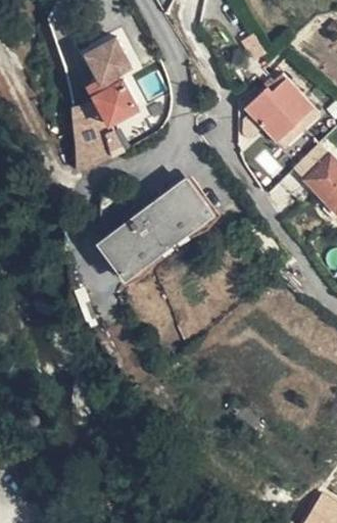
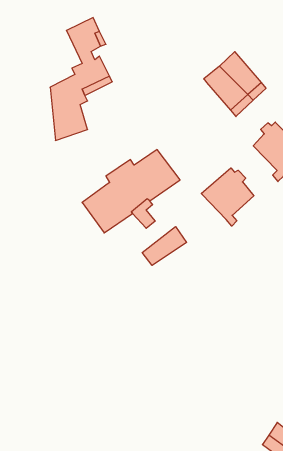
building: none -> [201,168,254,226]
building: none -> [142,227,187,265]

